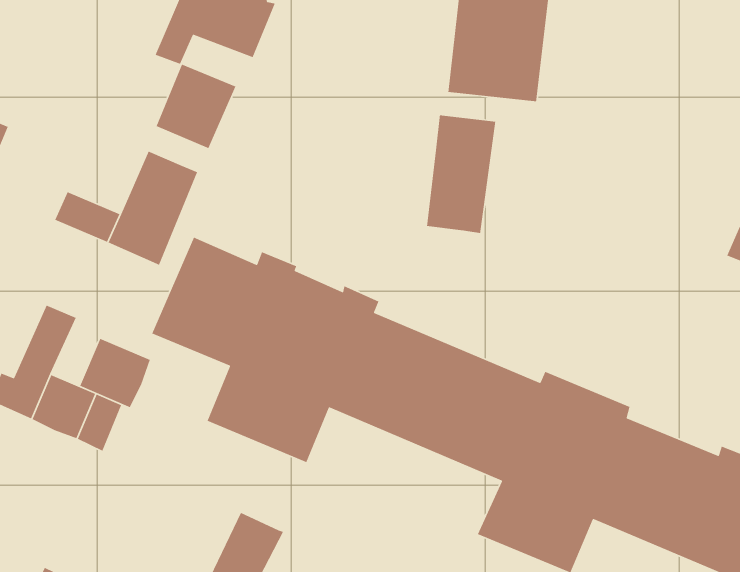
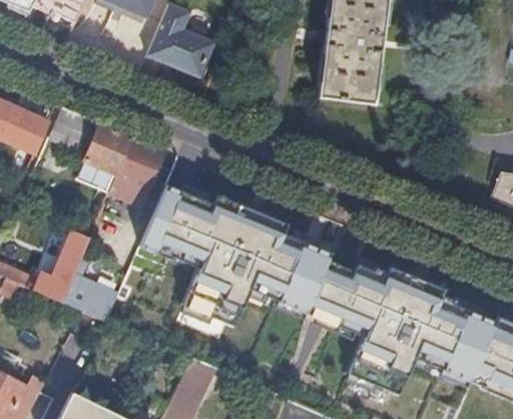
building: [156,63,236,149] -> [84,119,134,172]
building: none -> [51,105,88,148]
building: [426,115,496,234] -> none
building: [79,338,151,408] -> none

